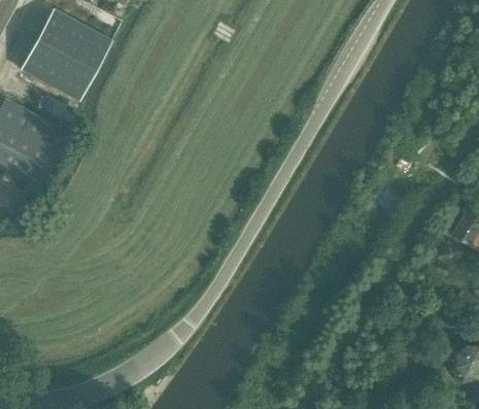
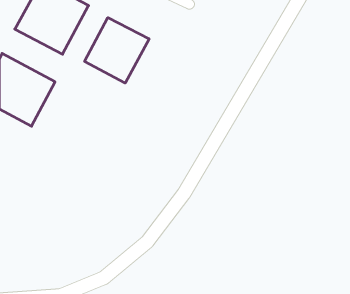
building: none -> [85,18,149,83]

